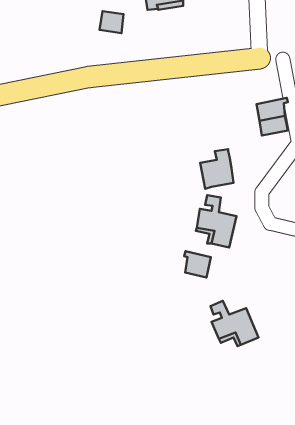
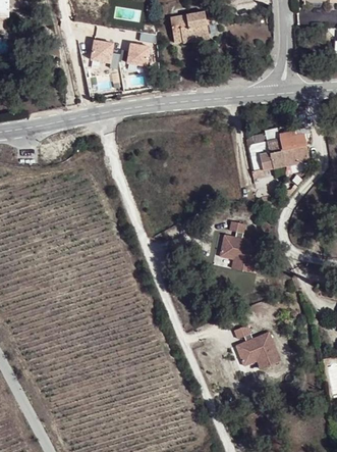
building: none -> [89,38,118,67]
building: [200,149,234,189] -> [251,132,284,170]
building: [184,251,211,278] -> none

